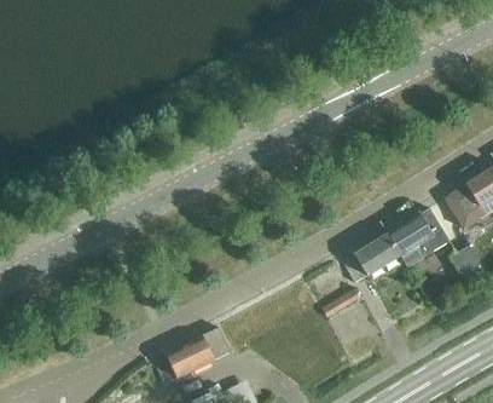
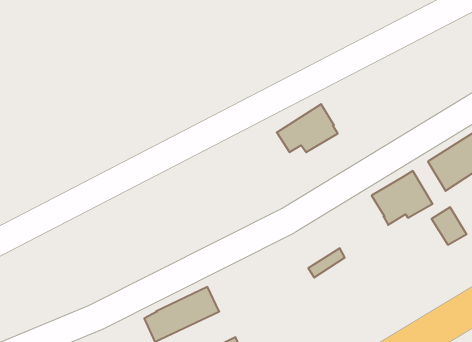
building: [341,232,404,282] -> [277,104,338,152]

